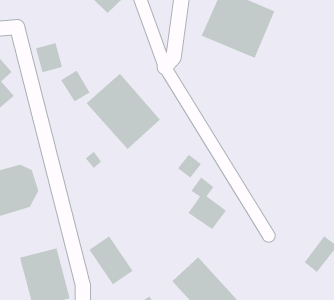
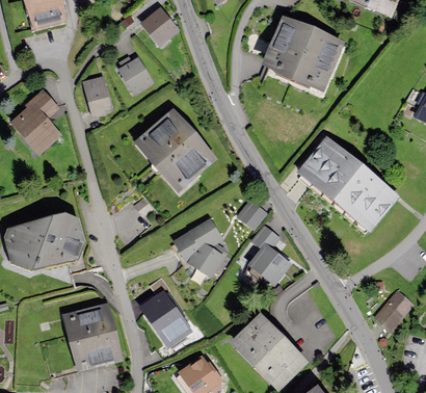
building: [60,70,90,102] -> [117,55,151,90]
building: none -> [297,138,398,232]
building: none -> [172,216,223,274]

